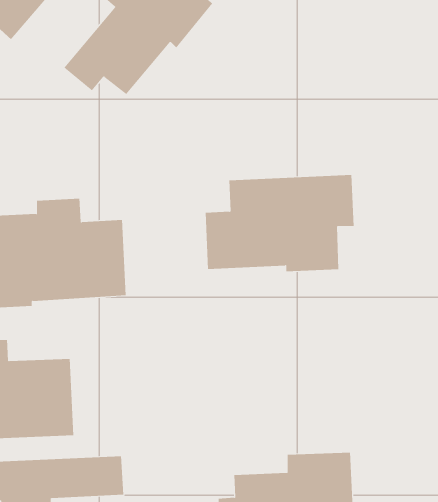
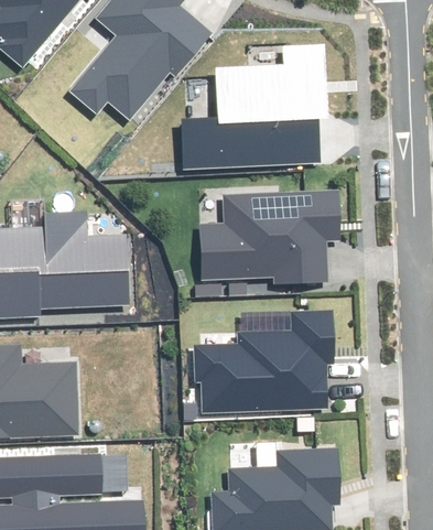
building: none -> [183,45,328,169]
building: none -> [194,311,334,412]

